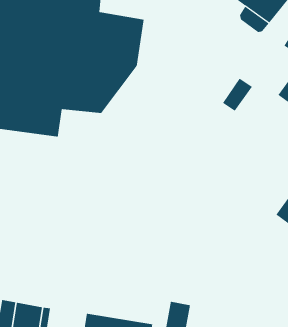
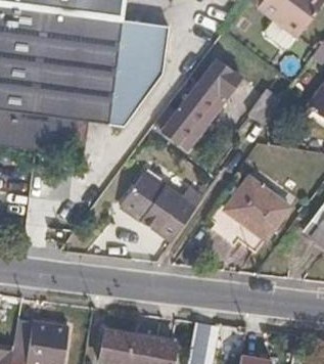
building: none -> [163,60,241,145]
building: none -> [121,169,196,239]
building: none -> [223,175,289,239]

